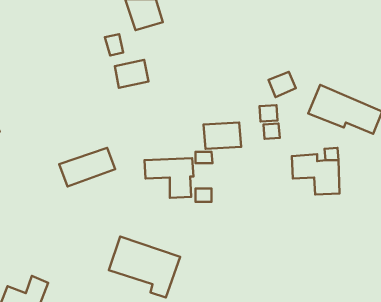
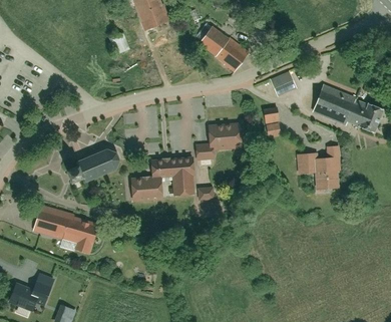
building: none -> [200,27,248,73]
building: [115,60,148,88] -> none
building: none -> [130,179,164,202]
building: [109,237,180,297] -> [28,201,98,261]

